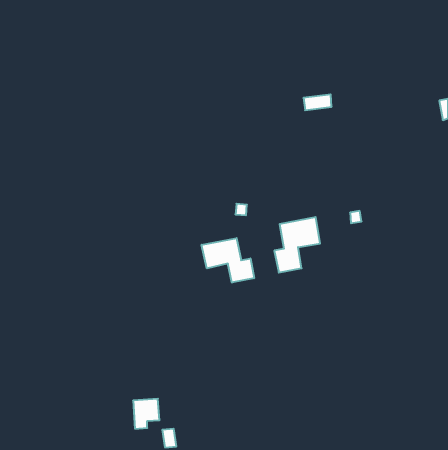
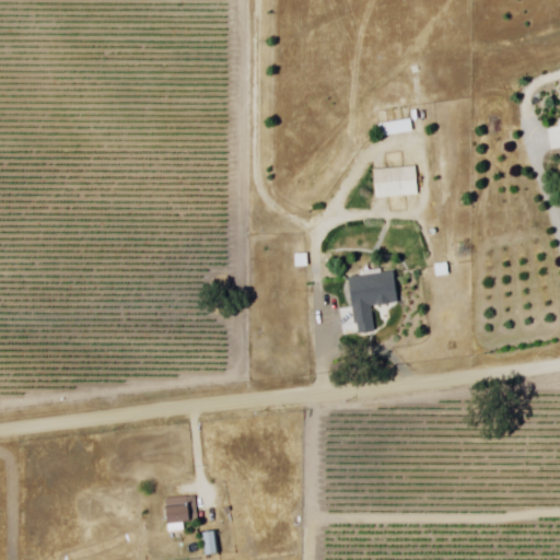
building: none -> [372,165,417,197]
building: [202,238,254,283] -> none

